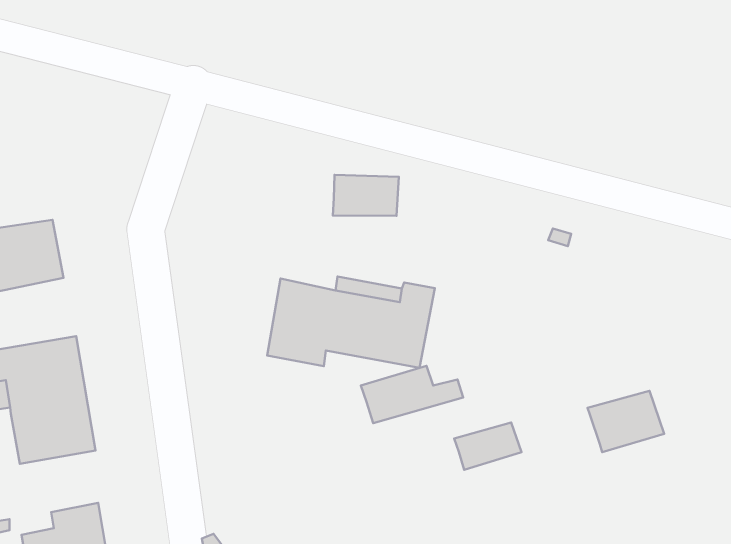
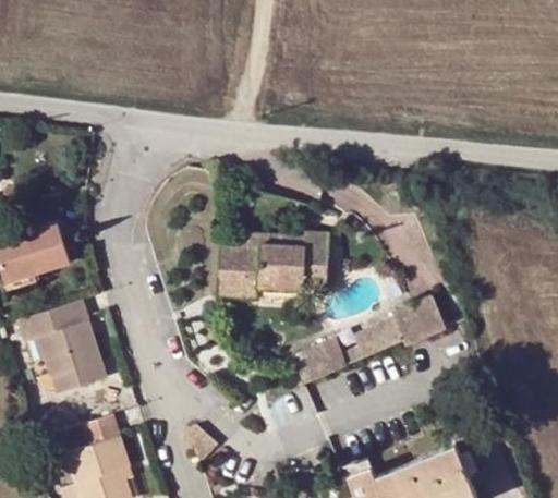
building: [333,175,399,216] -> none
building: [361,366,463,423] -> [293,339,365,384]
building: [587,391,664,452] -> [391,299,447,345]

